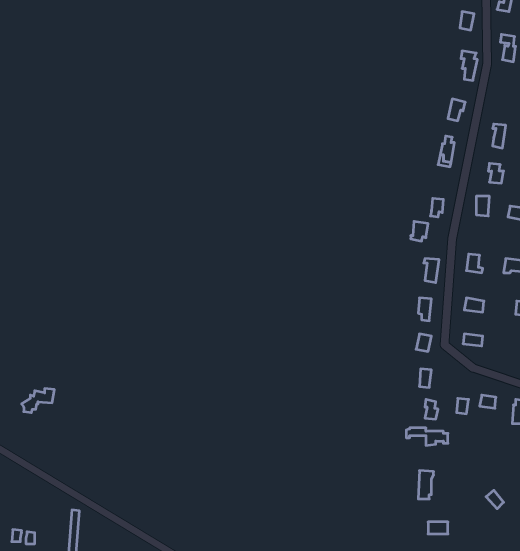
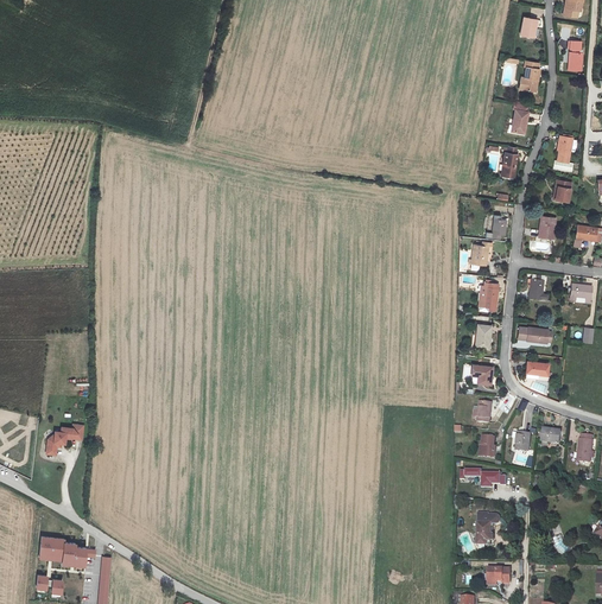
building: none -> [38,539,84,565]

